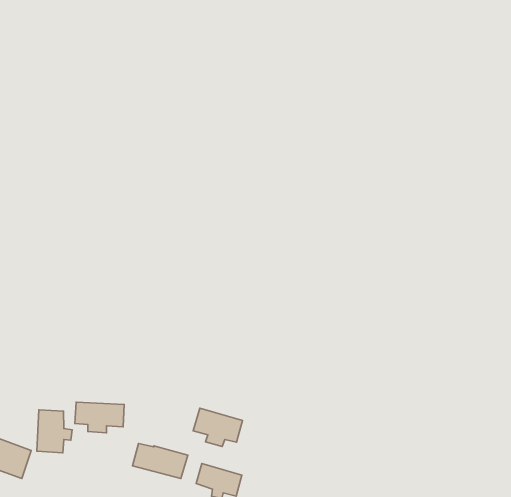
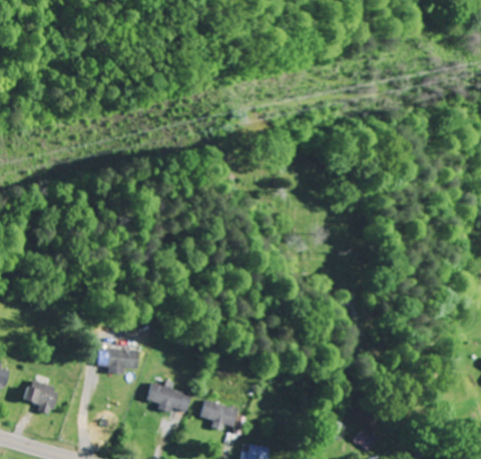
building: [193,408,243,447] -> none
building: [37,410,72,453] -> none

